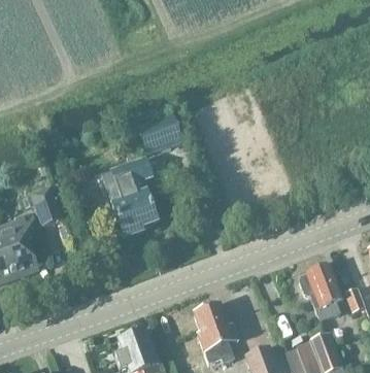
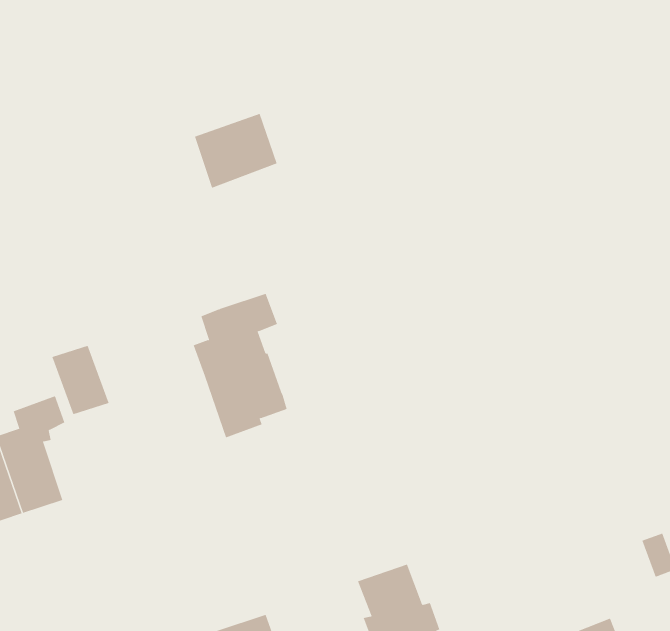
building: [137,112,181,152] -> [194,113,277,189]
building: [299,263,343,323] -> none

